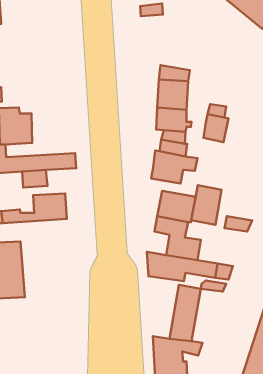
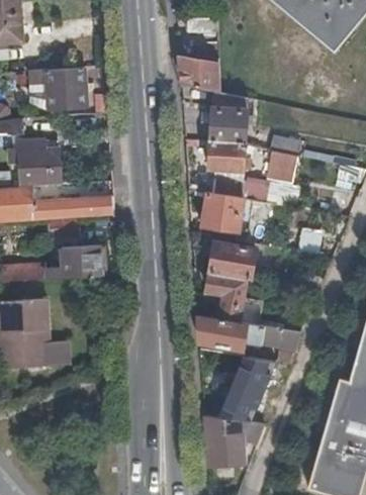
building: none -> [180,41,221,92]
building: none -> [26,67,88,110]
building: [191,185,222,225] -> none

